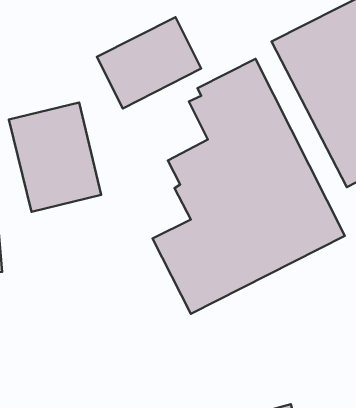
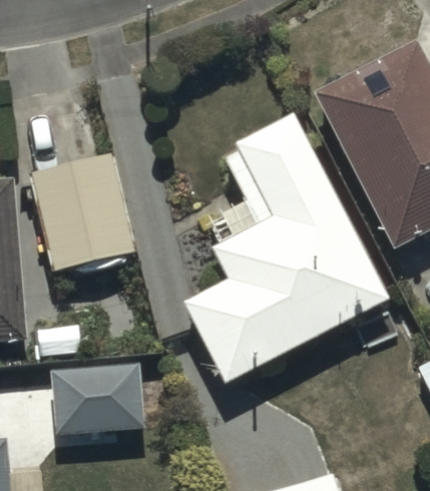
building: [97,17,201,109] -> none
building: none -> [48,363,146,437]

